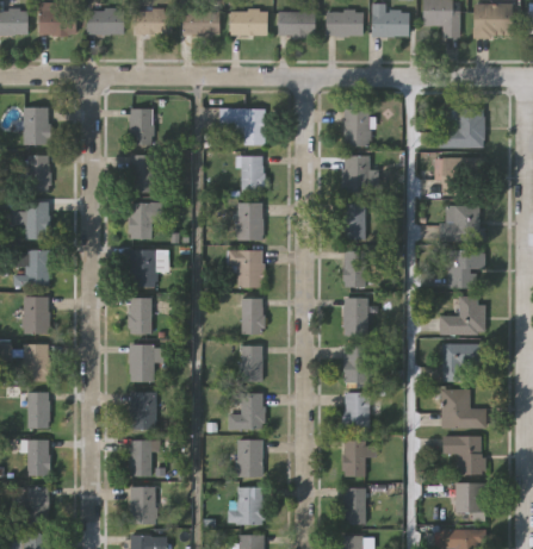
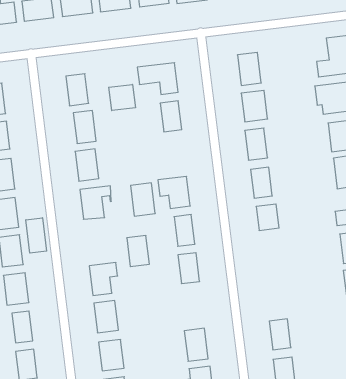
building: none -> [109,84,135,111]
building: [236,202,262,241] -> [131,183,155,216]
building: none -> [26,218,47,253]
building: [128,298,151,333] -> [127,236,149,267]
building: [342,347,368,382] -> none
building: [228,393,264,430] -> none
building: [342,393,368,430] -> none

